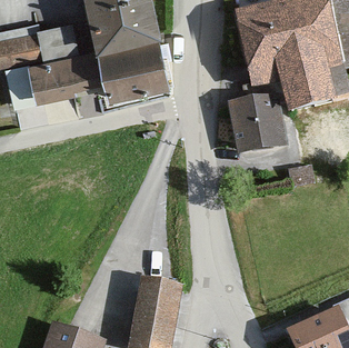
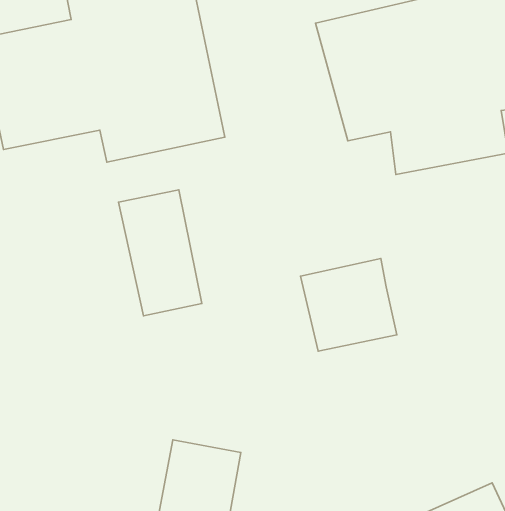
building: [227,95,287,152] -> [300,258,397,351]
building: none -> [119,190,202,316]

